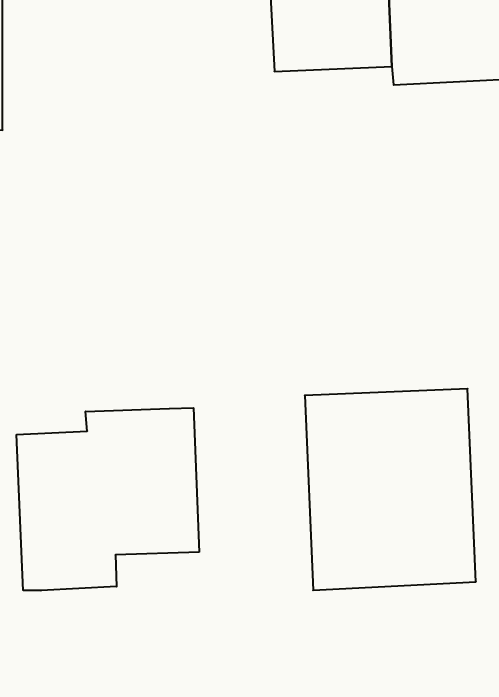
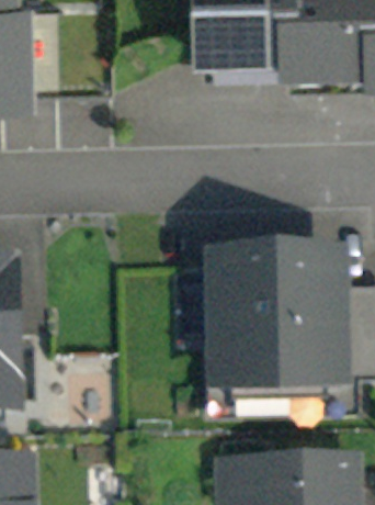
building: [17,408,199,591] -> none

